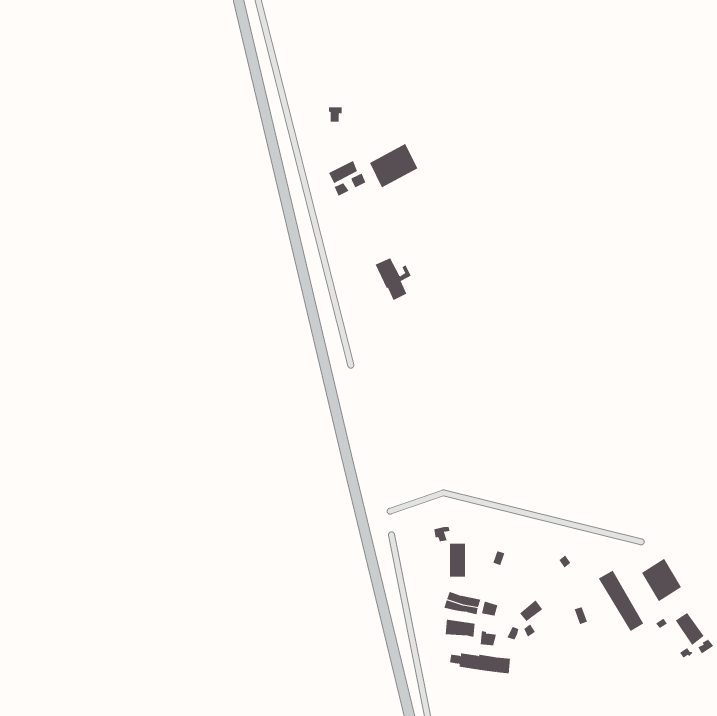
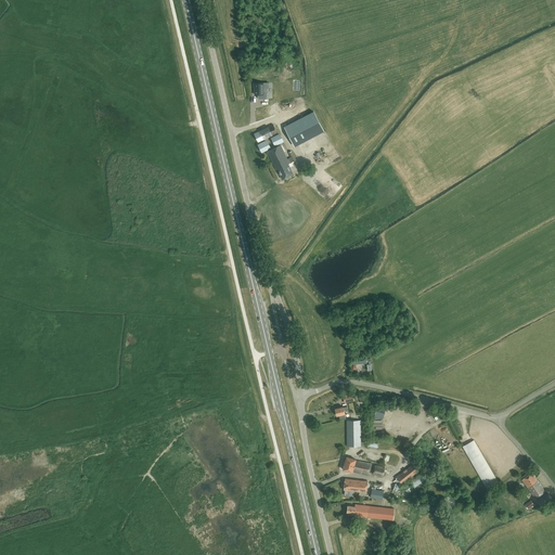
building: [375,257,411,301] -> [268,146,296,180]
building: [641,558,682,602] -> none

